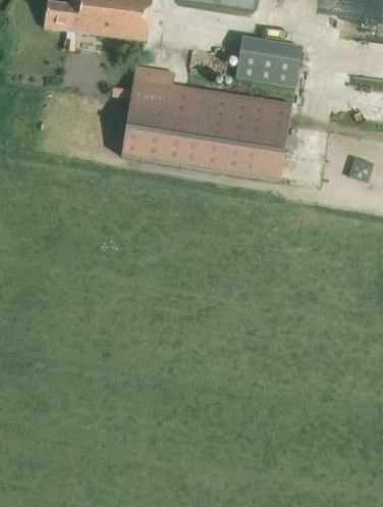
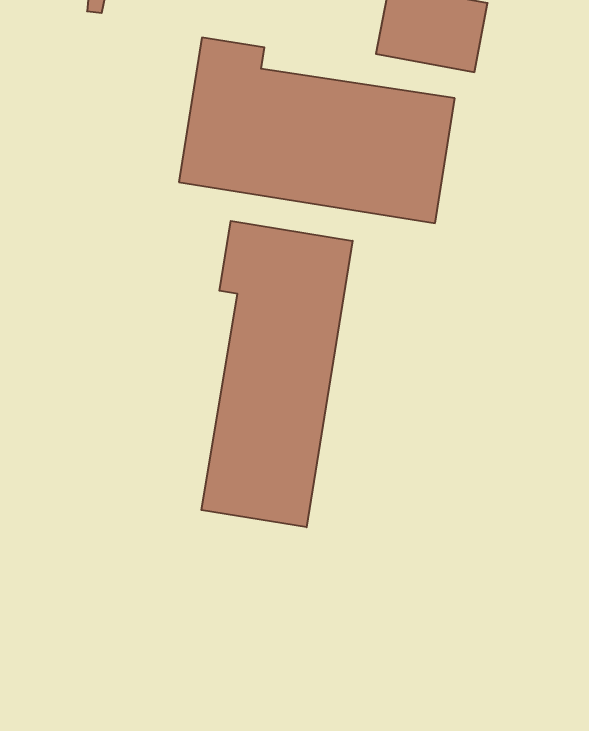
building: none -> [201,221,353,527]

